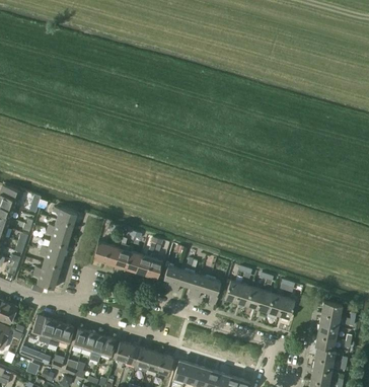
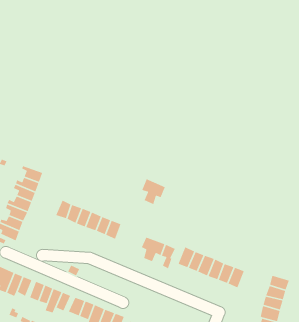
building: [164,265,190,293] -> [141,178,166,205]

